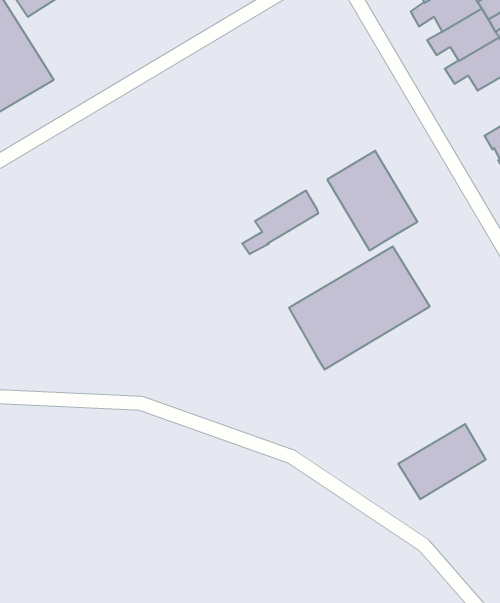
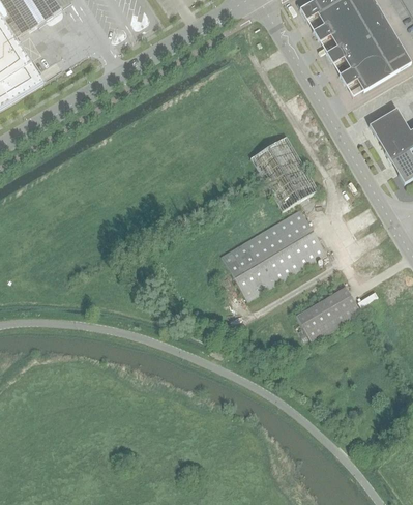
building: [242,191,318,254] -> none
building: [398,424,486,499] -> [295,285,361,341]

